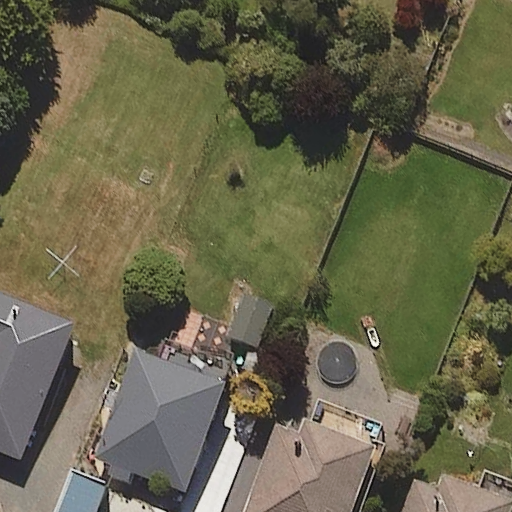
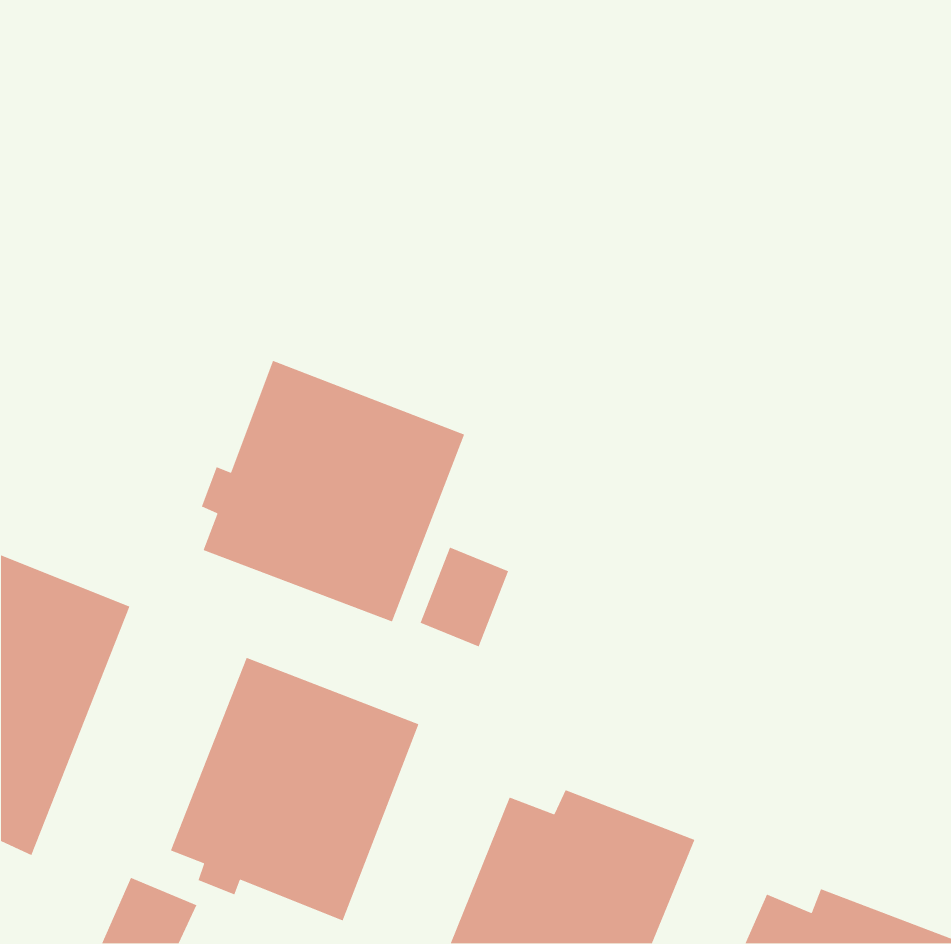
building: none -> [201,360,465,622]

